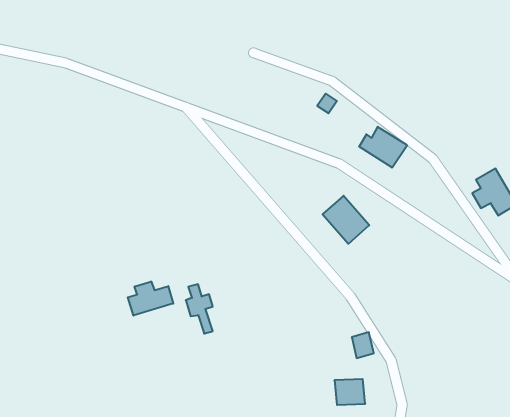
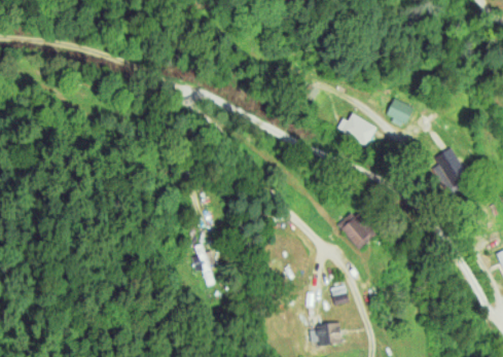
building: none -> [385,99,411,124]
building: [323,196,369,244] -> [336,209,375,249]
building: [128,281,173,316] -> none

